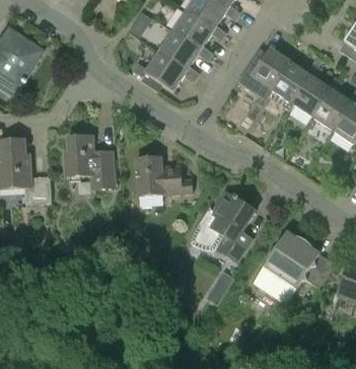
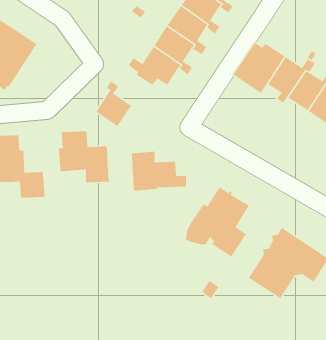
building: none -> [96,80,132,127]

